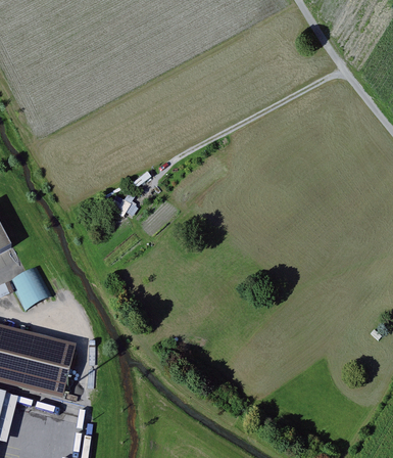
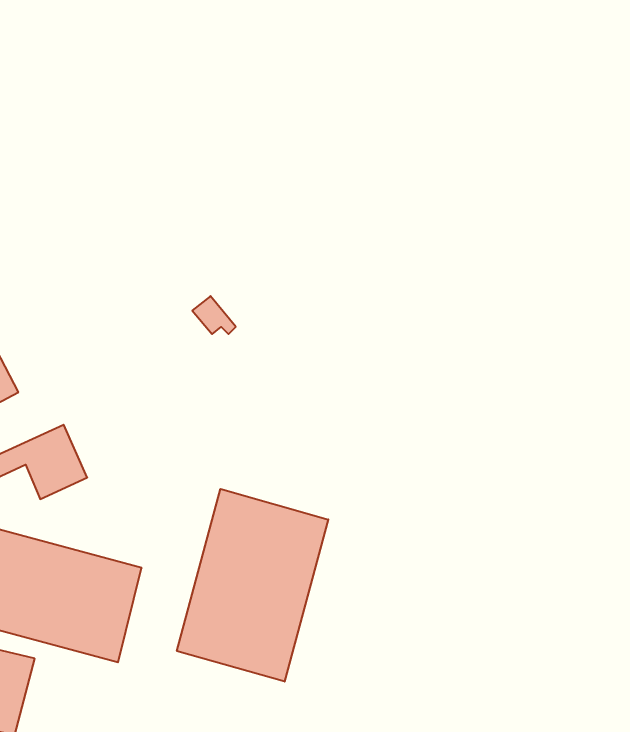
building: none -> [177,489,328,682]

